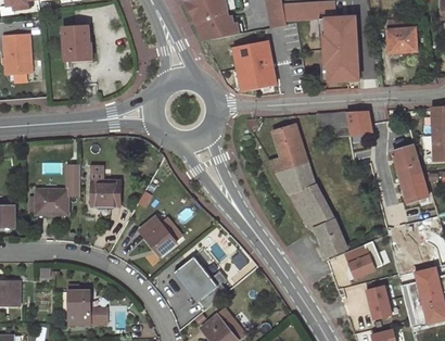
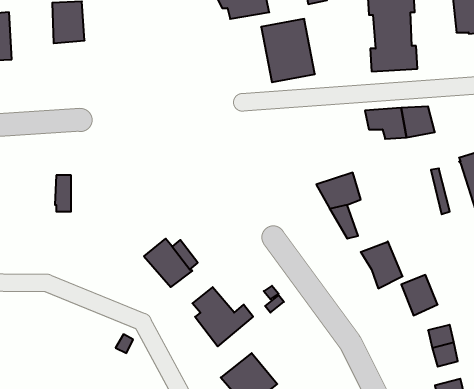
building: [269,125,306,173] -> none
building: [92,179,119,206] -> none
building: [302,185,333,229] -> none
building: [36,188,67,214] -> none
building: [68,283,105,324] -> none

